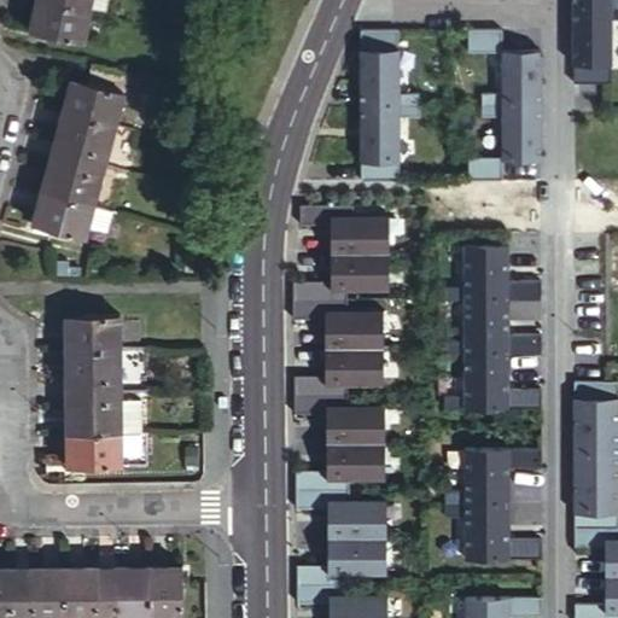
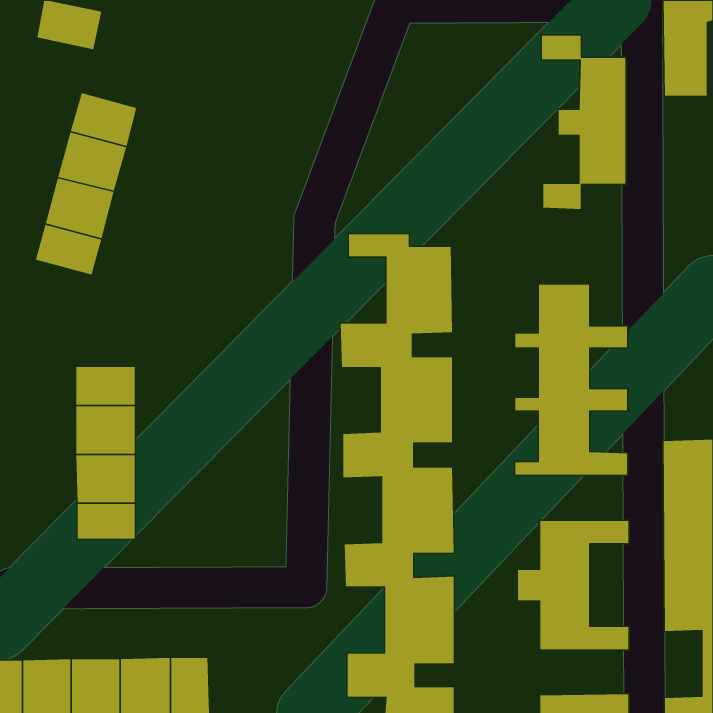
building: [366,31,425,182] -> none

